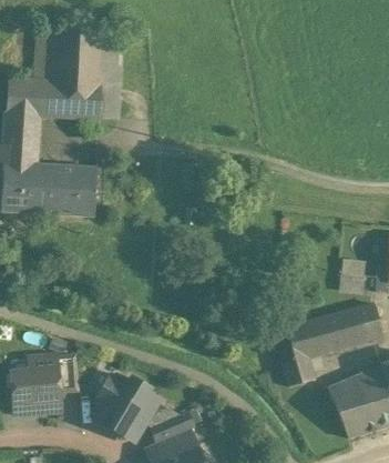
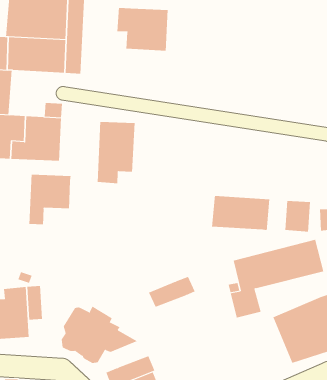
building: none -> [117,7,168,51]
building: none -> [97,121,135,184]
building: none -> [29,174,71,225]
building: none -> [212,195,270,231]
building: [150,409,202,443] -> [148,276,196,308]

